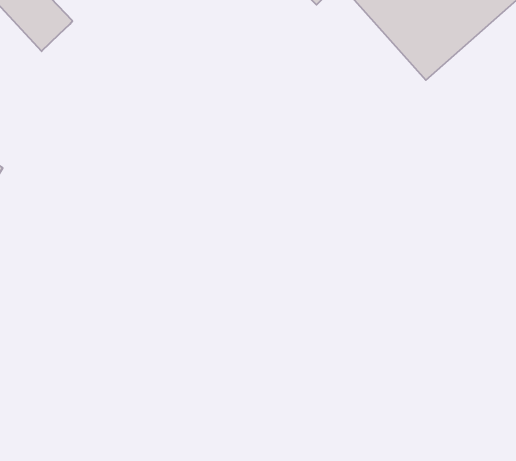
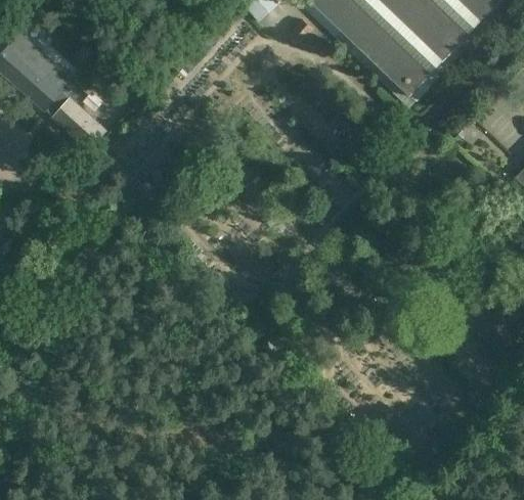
building: none -> [43,88,102,145]

